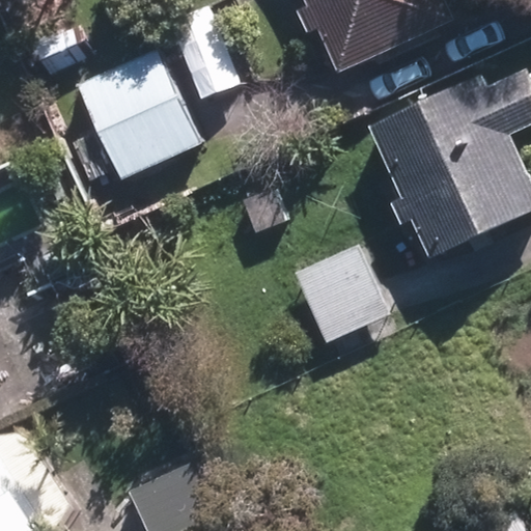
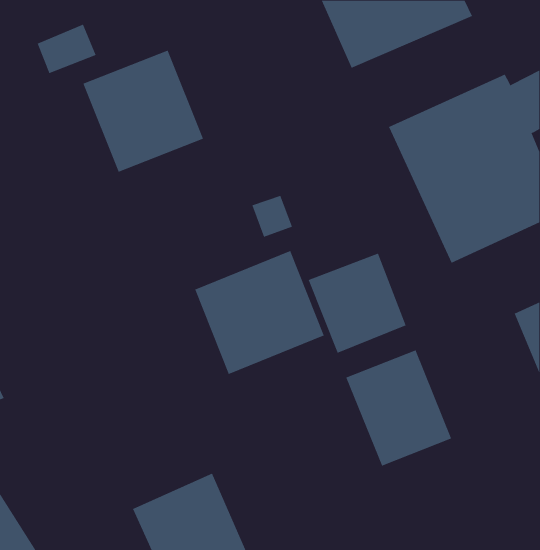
building: none -> [195,250,325,375]
building: none -> [346,349,452,467]

